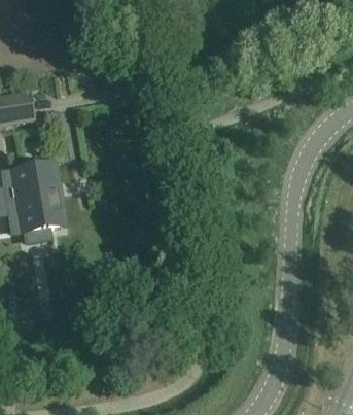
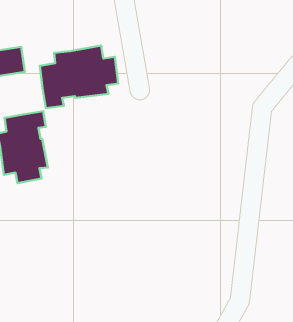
building: none -> [40,45,118,108]

